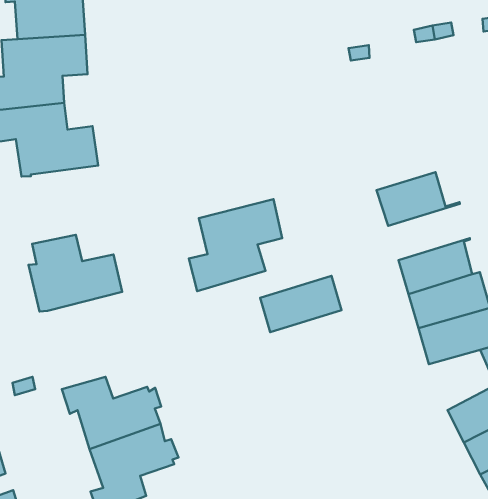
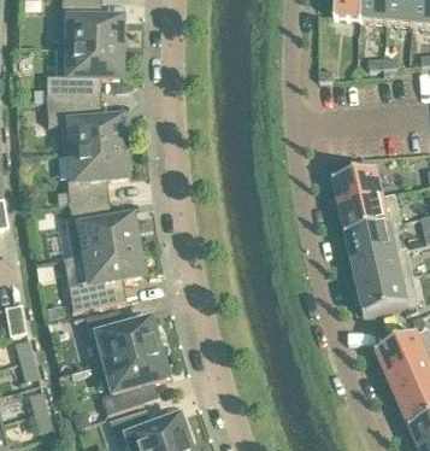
building: none -> [65,145,124,201]
building: [189,199,282,291] -> [66,242,139,309]
building: [260,276,342,332] -> [340,192,401,232]

